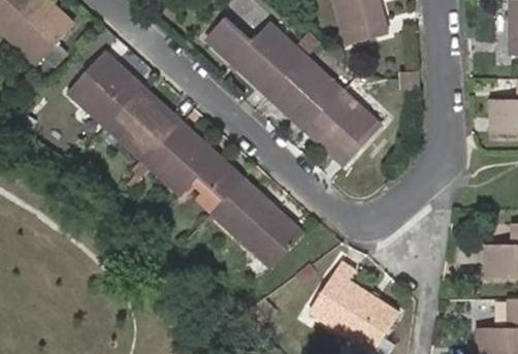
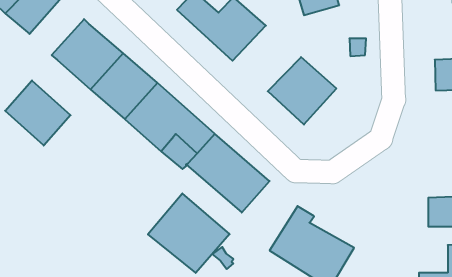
building: [266,57,343,130] -> none
building: none -> [5,80,71,146]
building: none -> [148,193,230,273]

